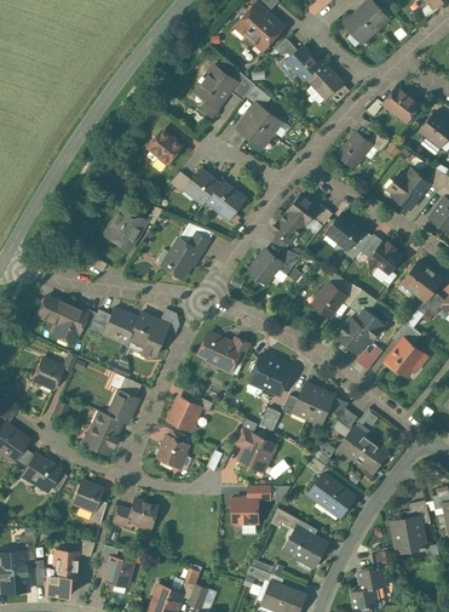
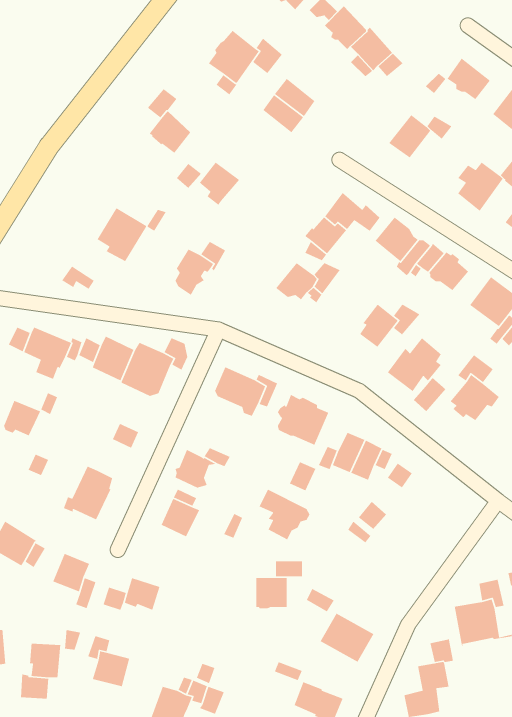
building: [206,182,244,219] -> none
building: [108,390,136,423] -> none
building: [339,428,387,473] -> none
building: [309,474,355,516] -> none

